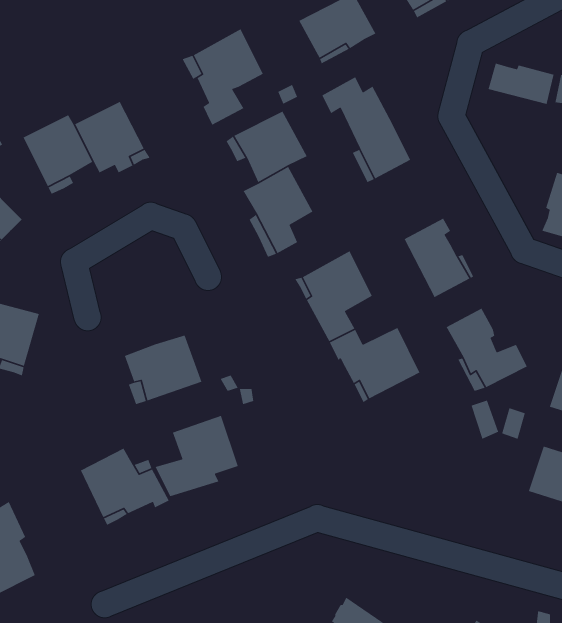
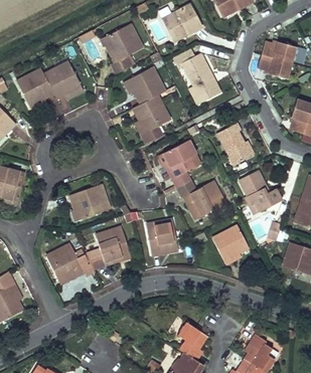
building: none -> [258,55,292,79]
building: none -> [146,219,178,256]
building: none -> [211,225,249,264]

